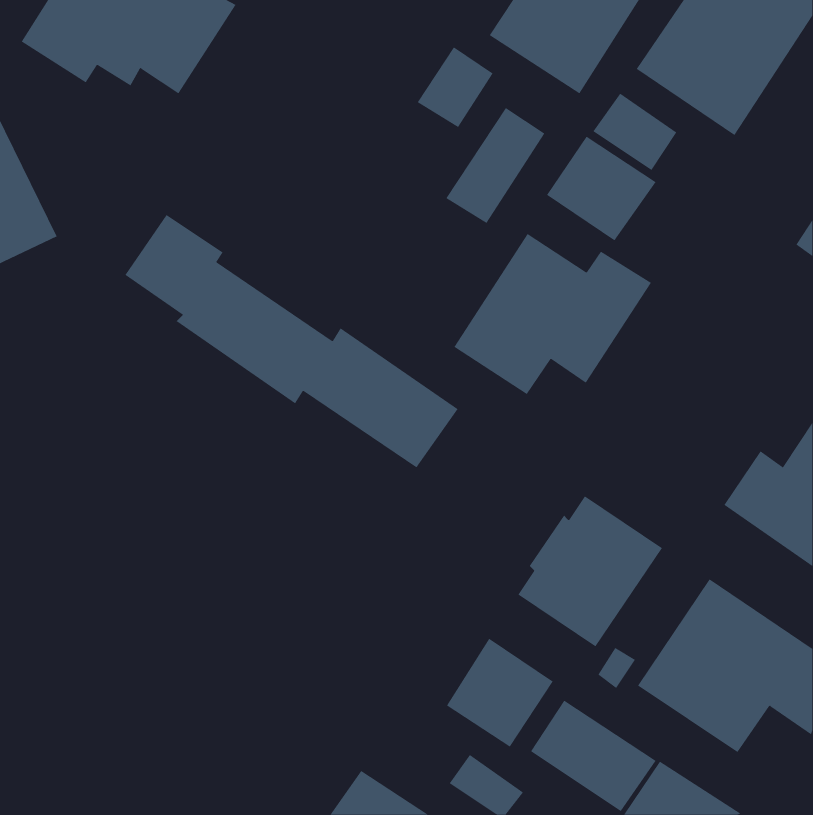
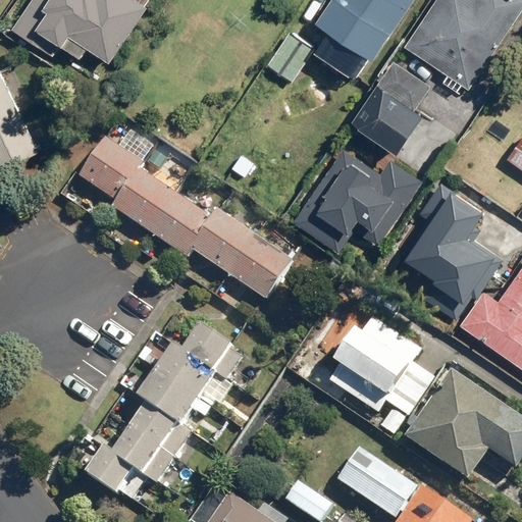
building: [446,107,545,224] -> none
building: none -> [405,184,498,318]
building: none -> [89,326,234,494]
building: [446,638,553,748] -> none

